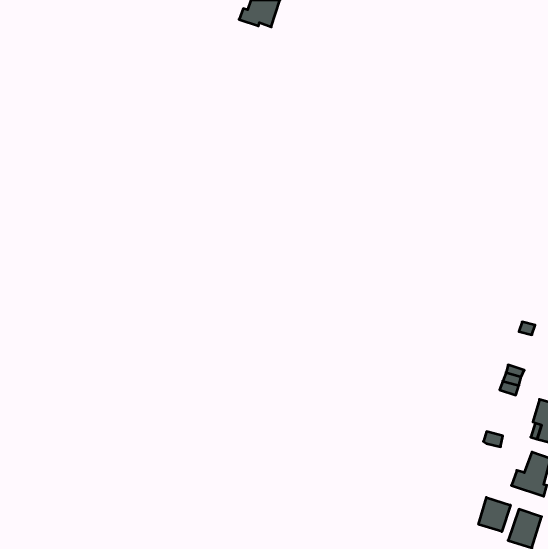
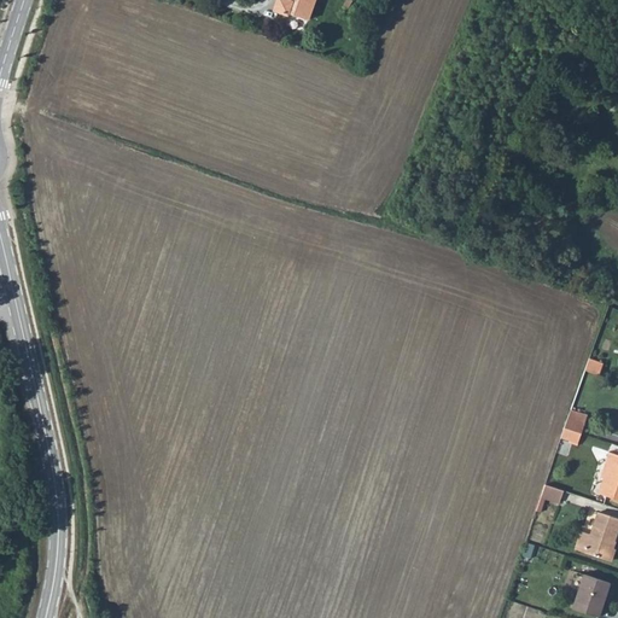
building: [479,497,510,532] -> none

